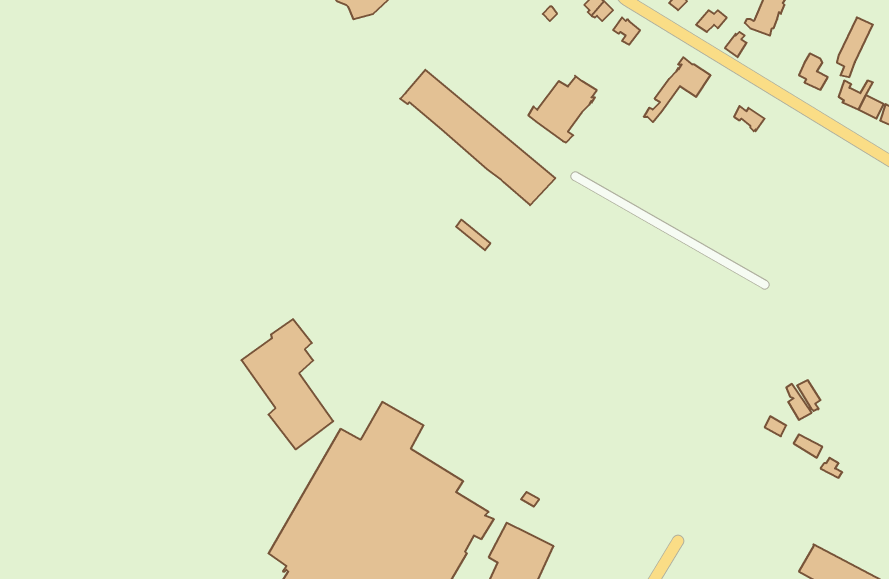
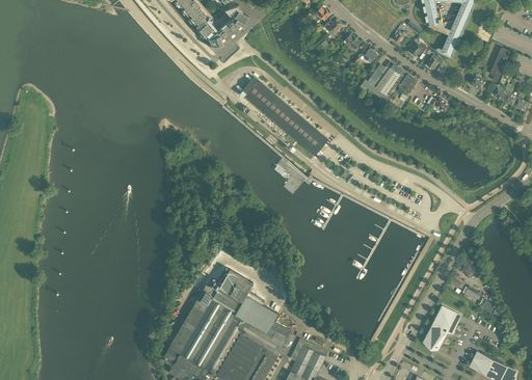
building: [528,76,597,142] -> [362,61,401,100]
building: [241,319,333,449] -> none
building: none -> [422,304,460,350]

